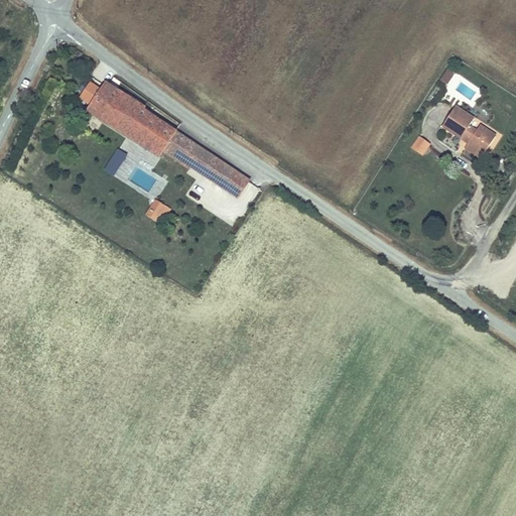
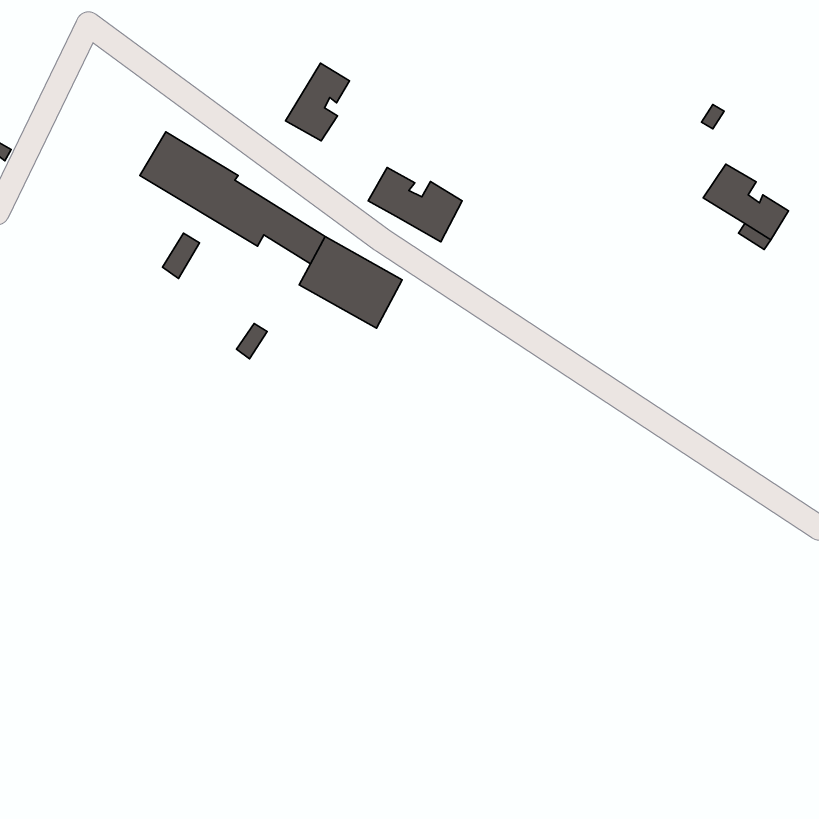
building: none -> [286,63,350,141]
building: none -> [368,167,462,242]

